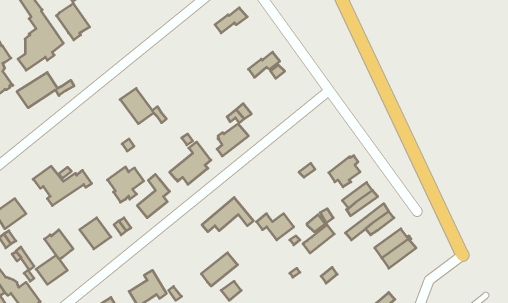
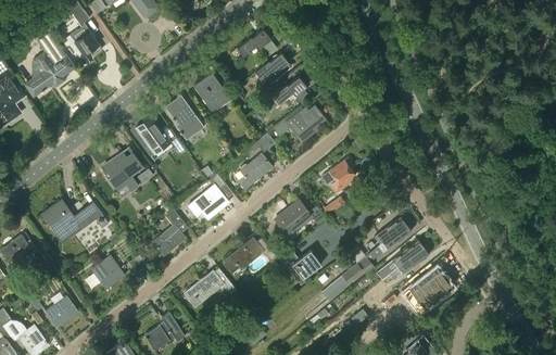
building: none -> [255,53,291,83]
building: none -> [193,73,230,113]
building: none -> [165,94,204,139]
building: [17,72,74,108] -> none
building: none -> [274,106,325,142]
building: [329,156,360,187] -> [321,159,355,192]
building: none -> [275,200,326,234]
building: [107,167,144,202] -> [103,152,142,190]
building: [44,230,73,259] -> none
building: [201,253,238,286] -> [185,270,224,306]

